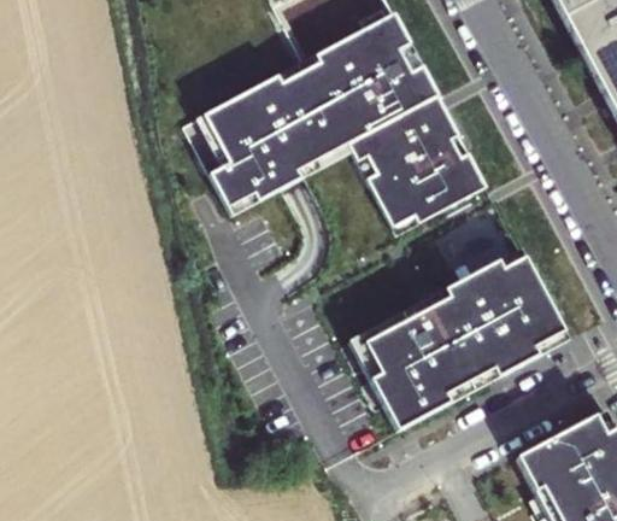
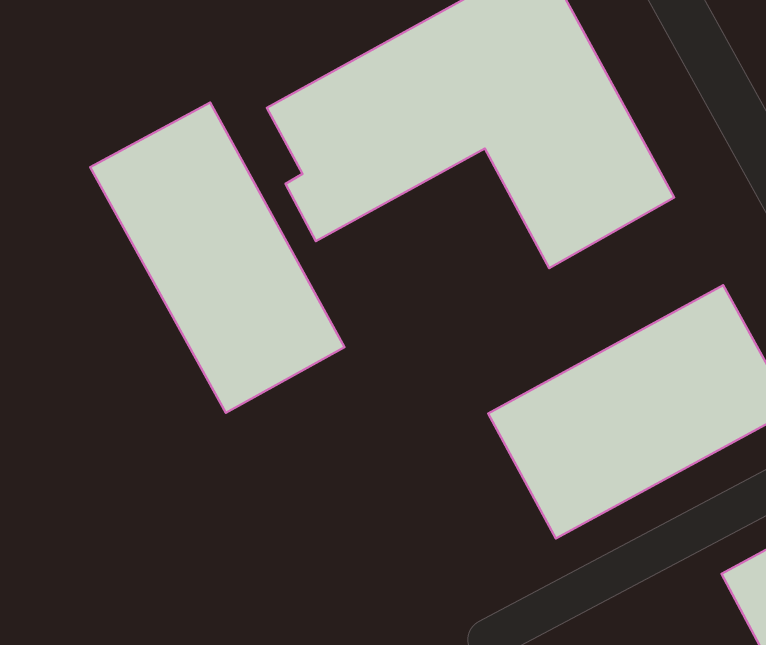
building: none -> [90,102,344,413]

